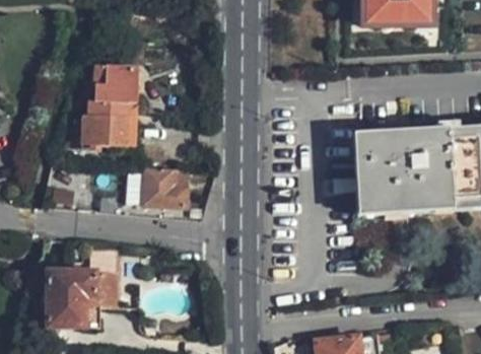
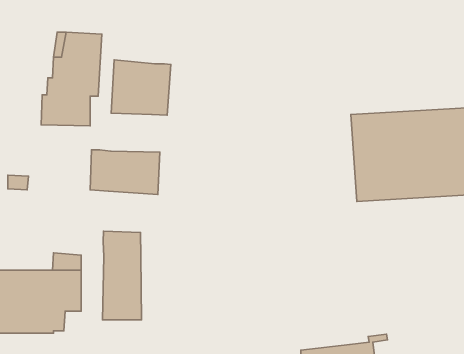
building: none -> [111,60,171,115]
building: none -> [102,231,141,320]

